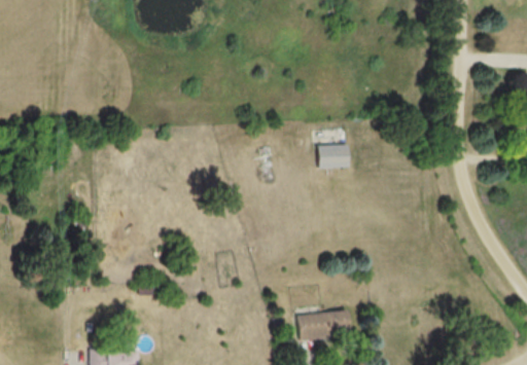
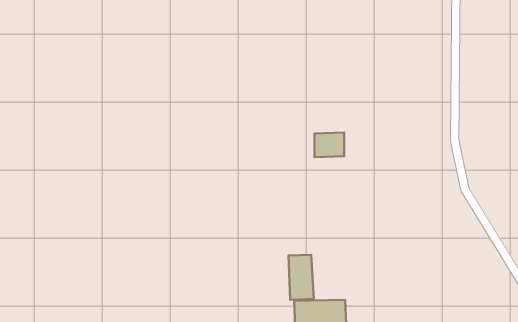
building: none -> [289,255,314,300]

